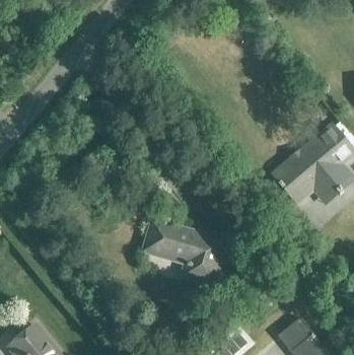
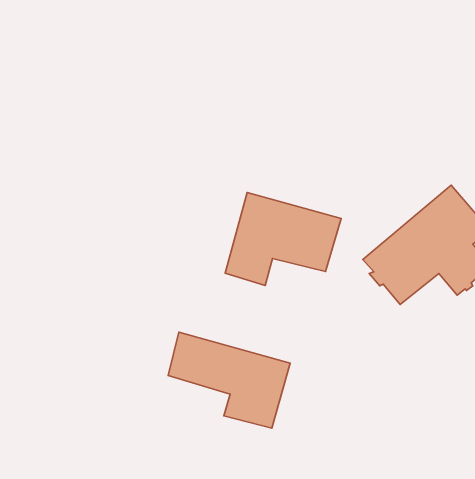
building: none -> [225,192,341,286]

